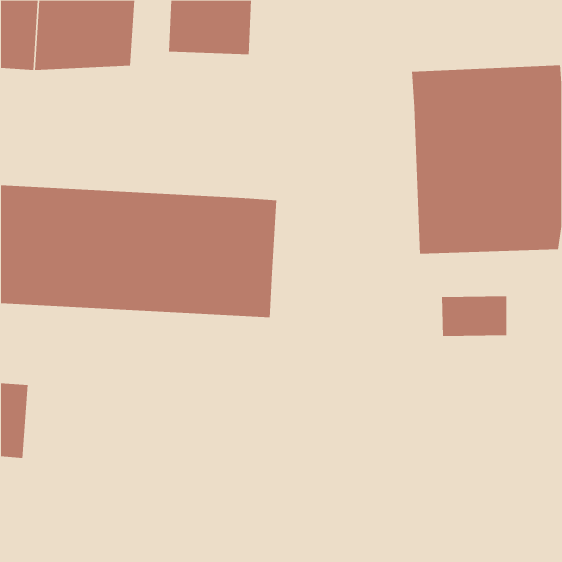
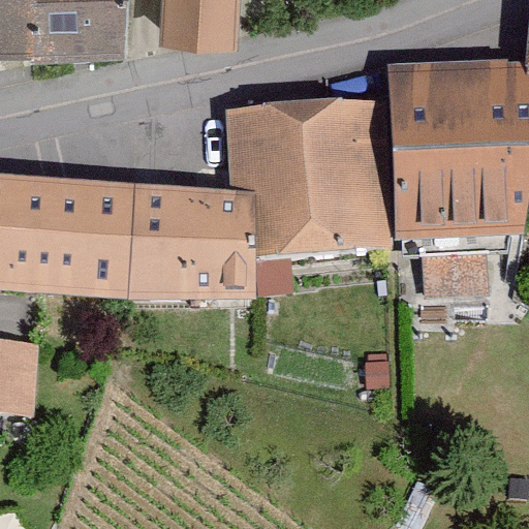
building: none -> [226,100,394,256]

